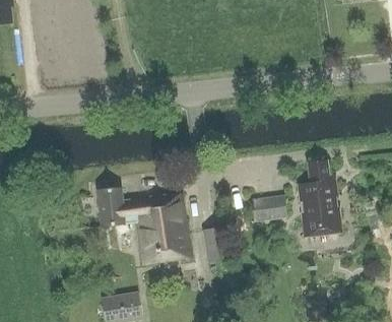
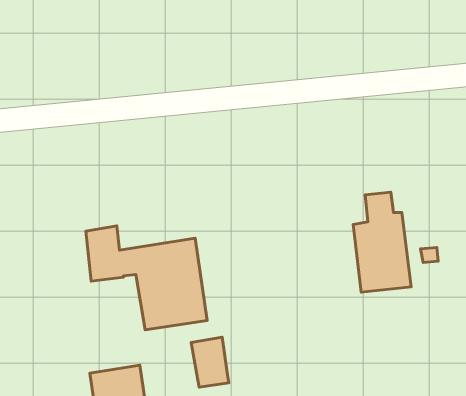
building: [248,192,286,222] -> none
building: [200,224,228,262] -> [191,337,229,387]

